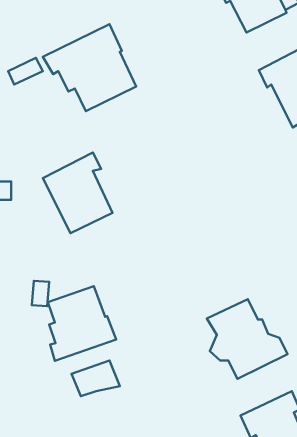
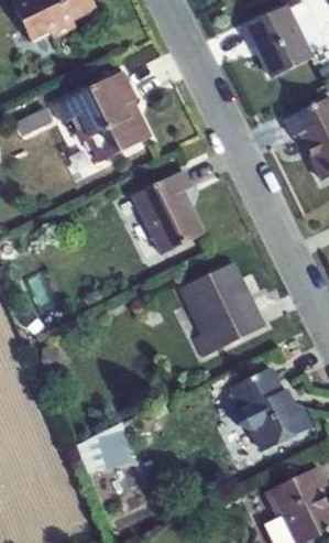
building: [43,153,112,233] -> [130,169,205,256]
building: none -> [179,261,266,357]
building: [48,286,116,361] -> none

